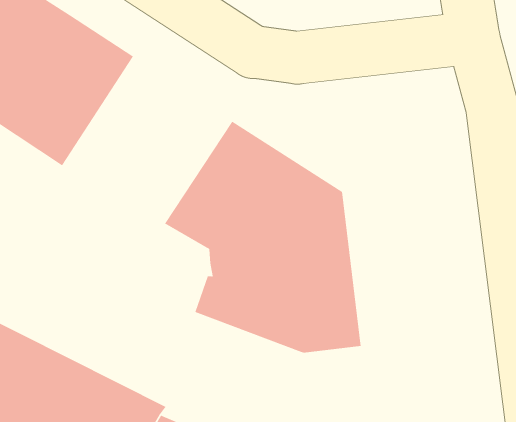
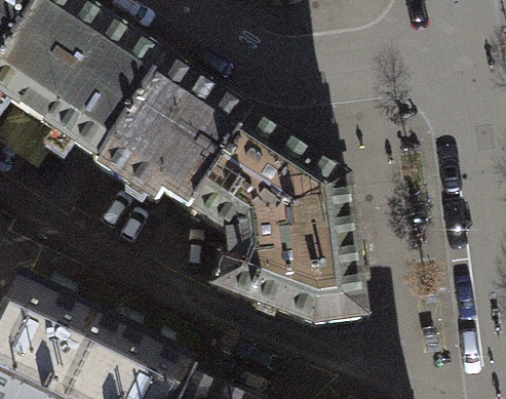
building: none -> [87,65,239,211]

